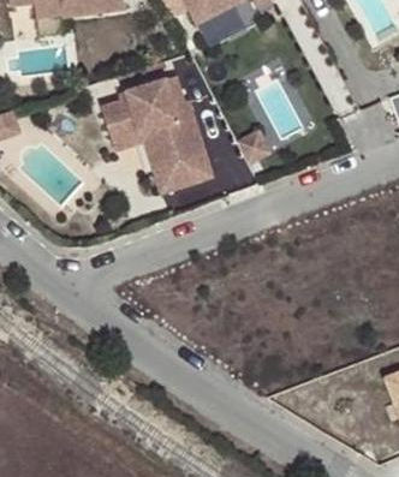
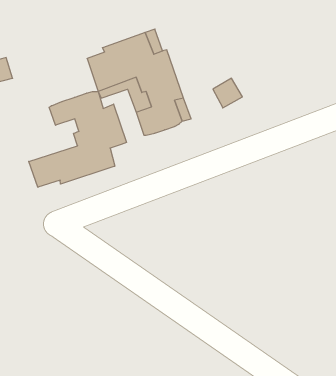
building: none -> [29,91,127,187]

